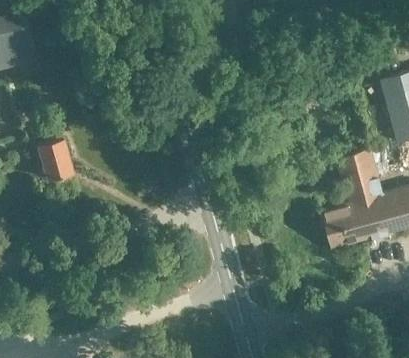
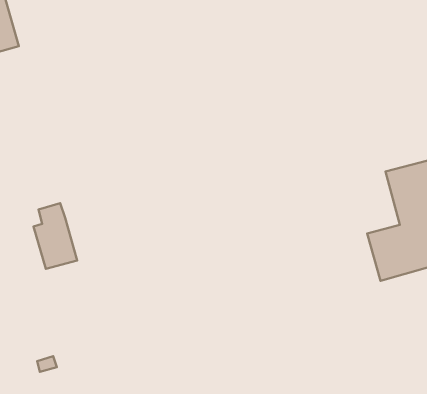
building: [37,127,73,181] -> [34,203,77,269]

